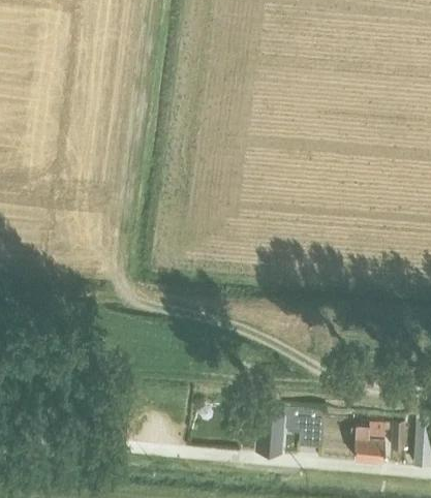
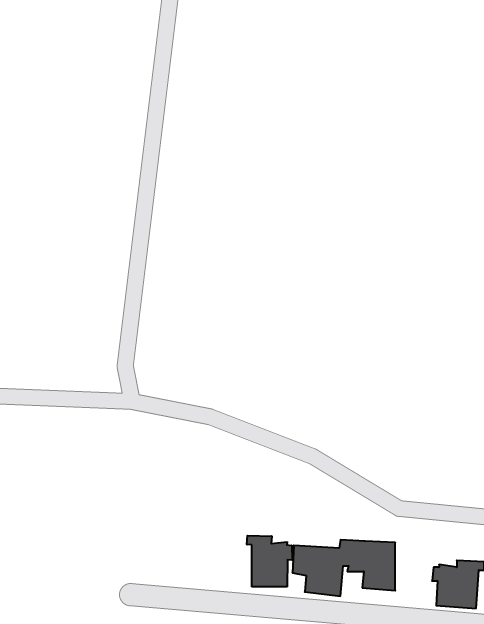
building: none -> [247,536,292,587]

